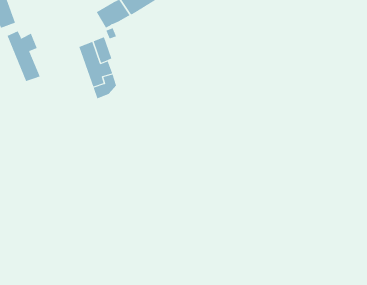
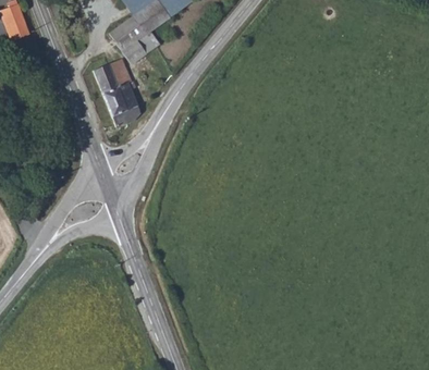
building: [7,31,40,82] -> none

